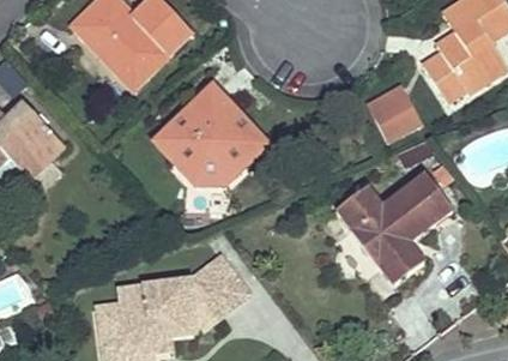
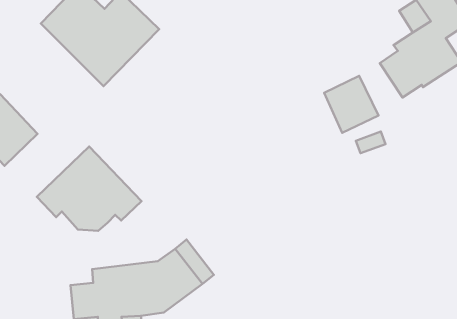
building: [156,89,266,178] -> [37,147,141,231]
building: [334,170,450,283] -> none

